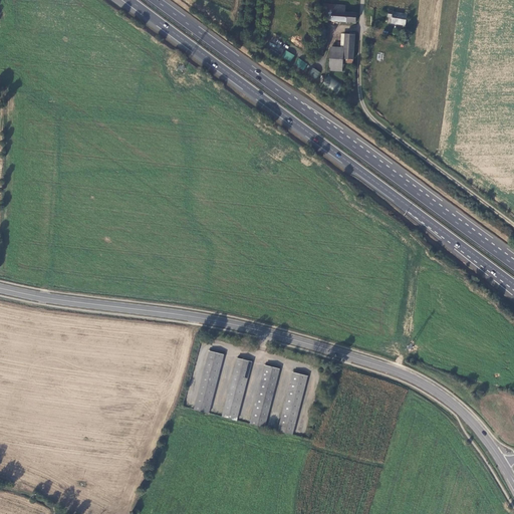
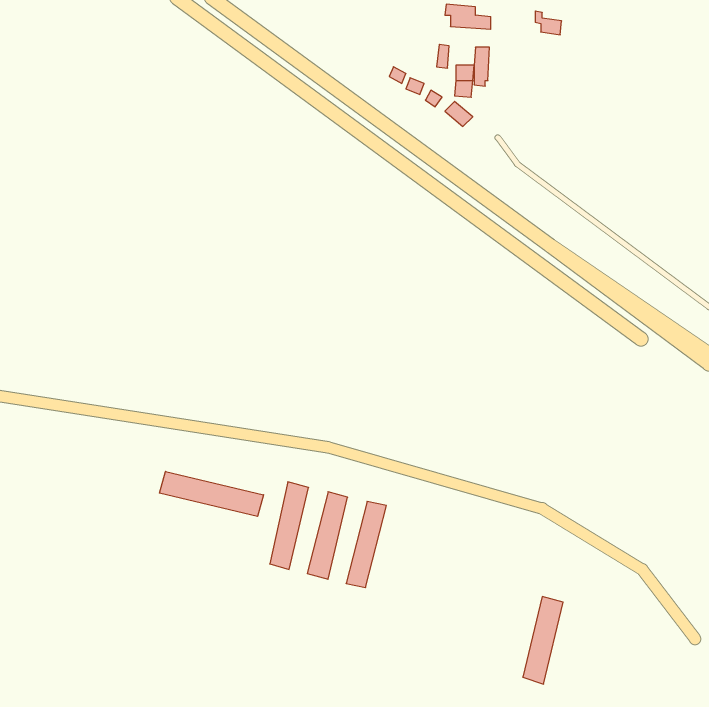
building: none -> [159,471,264,516]
building: [278,369,307,433] -> [523,597,563,684]

